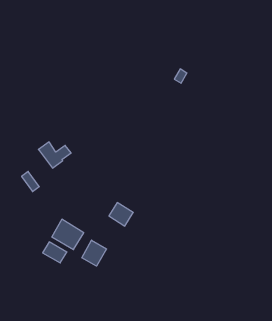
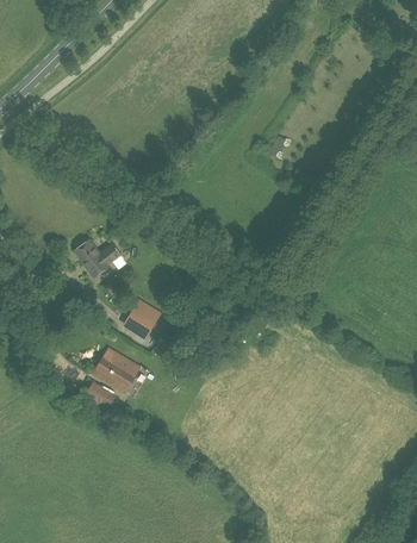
building: [109,203,133,226] -> [125,300,160,333]
building: [82,240,107,266] -> none

